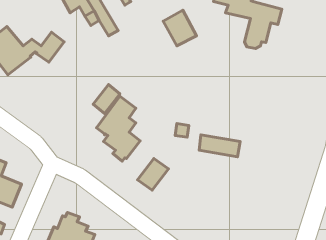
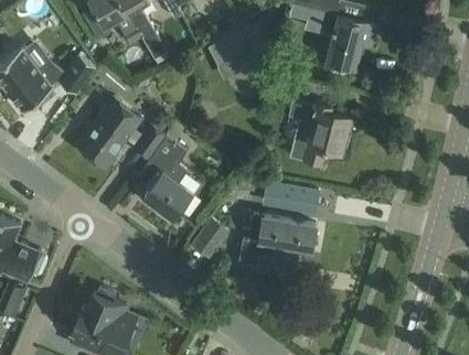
building: none -> [79,99,142,168]
building: none -> [290,101,352,166]
building: none -> [242,216,319,268]

